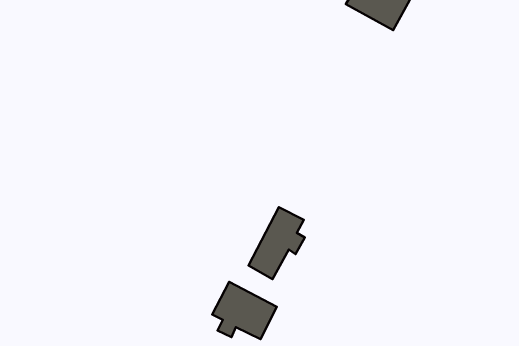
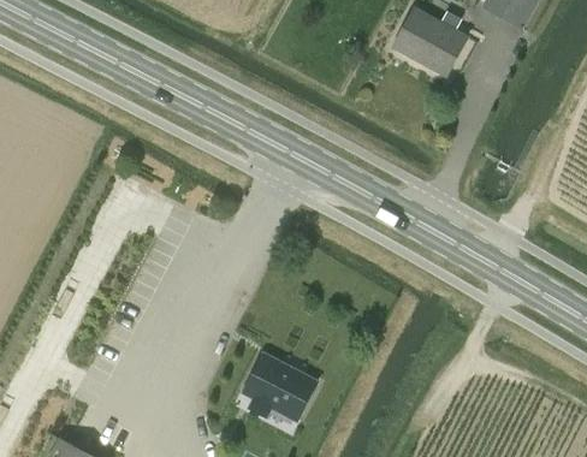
building: [248,207,305,279] -> none

